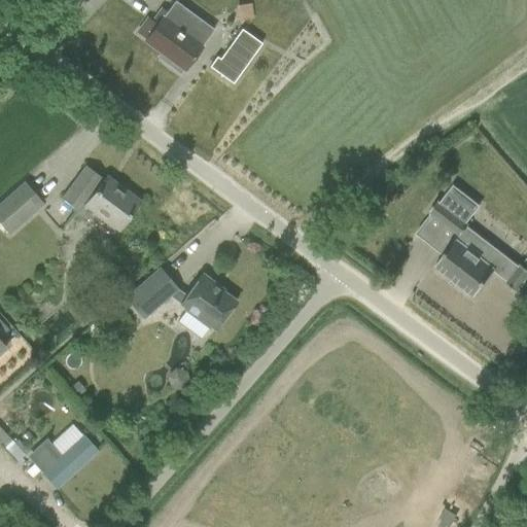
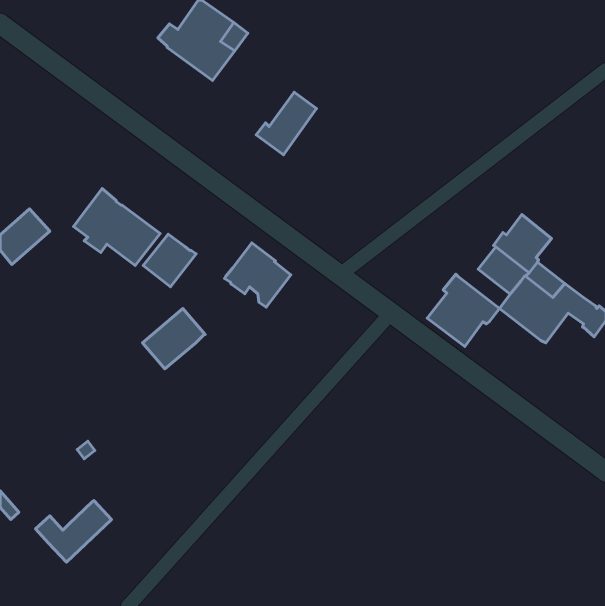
building: [209,29,261,83] -> [256,92,317,155]
building: none -> [143,234,196,287]
building: none -> [427,274,499,346]
building: [179,275,237,330] -> [225,243,291,307]

